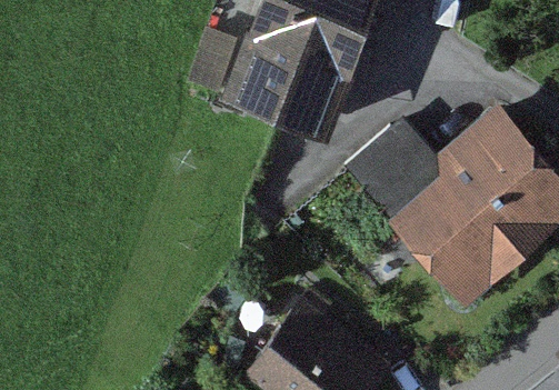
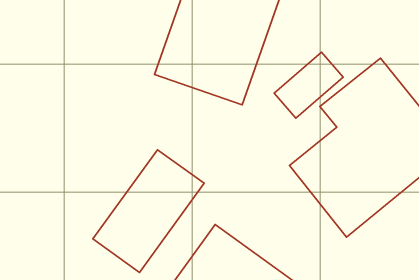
building: none -> [93,150,204,272]

